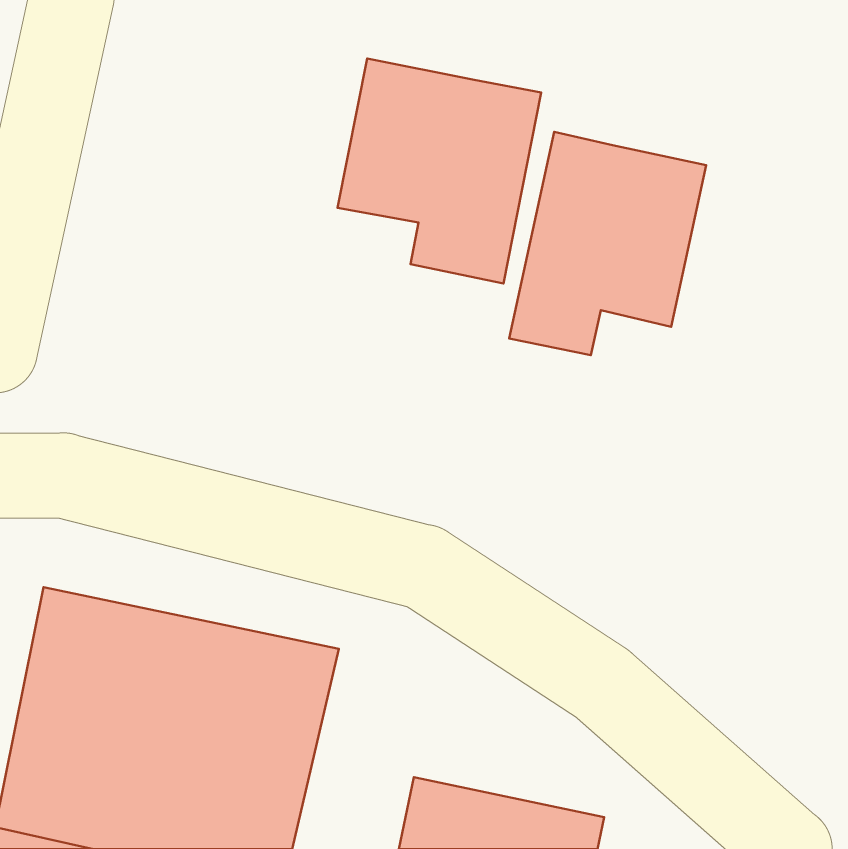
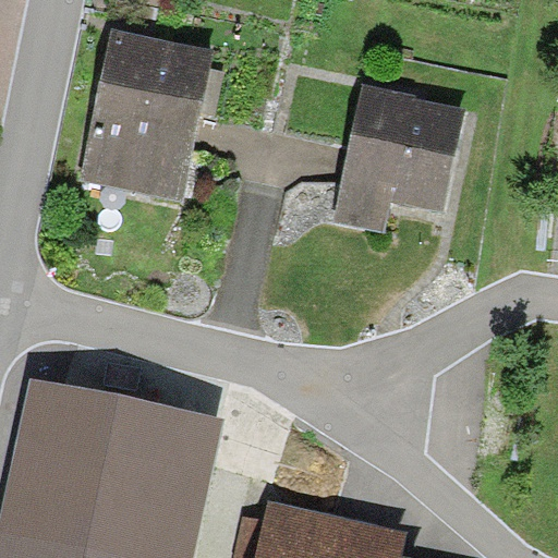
building: none -> [82,32,208,199]
building: [338,58,541,283] -> none

